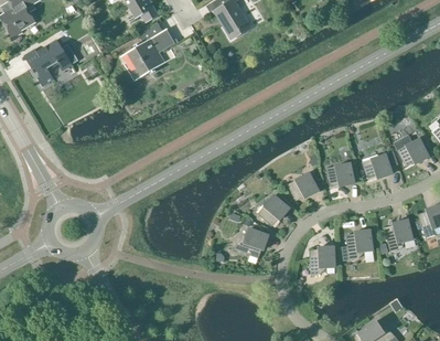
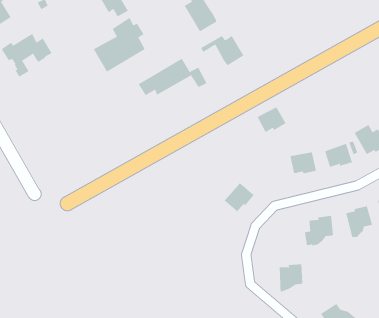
building: none -> [200,35,244,66]
building: none -> [138,58,207,96]
building: [287,172,318,200] -> [257,106,286,133]
building: [233,227,268,257] -> none
building: [309,245,334,276] -> [279,264,303,293]

